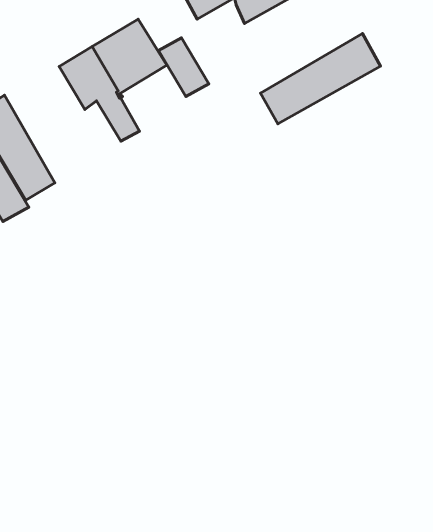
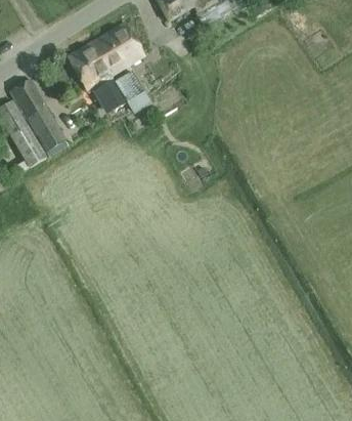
building: [261,34,380,124] -> none
building: [158,38,209,97] -> [116,70,151,112]

